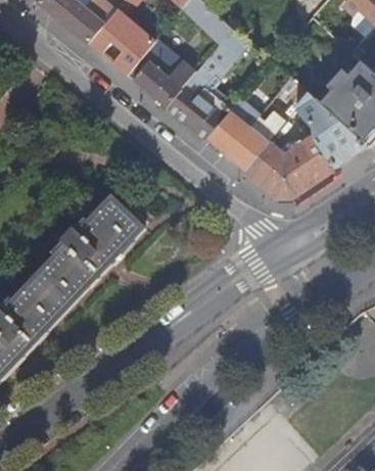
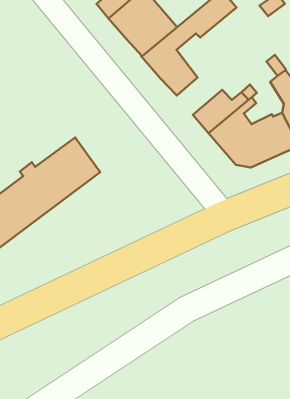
building: [205,99,249,155] -> none

